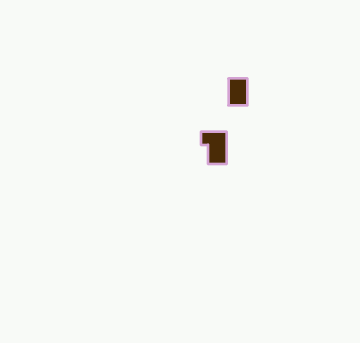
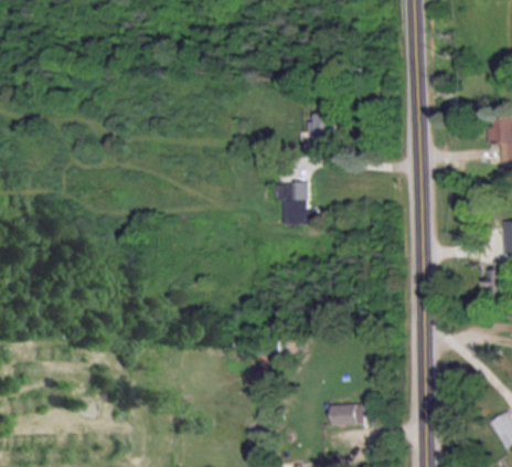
building: none -> [332,404,364,426]

